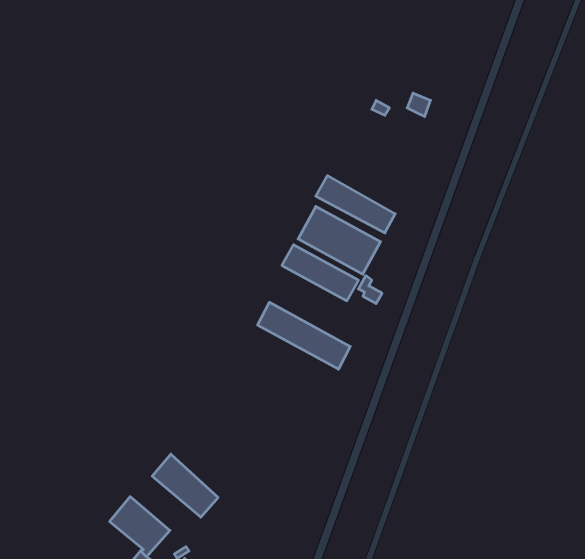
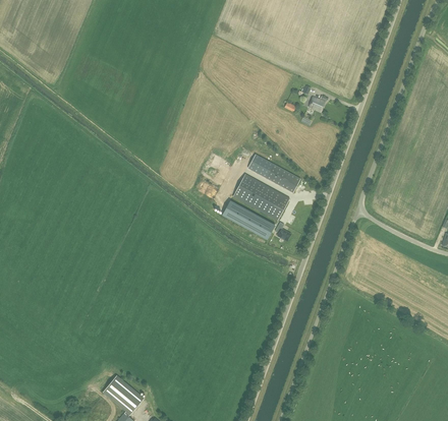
building: [258,302,350,369] -> none
building: [152,454,218,517] -> none

